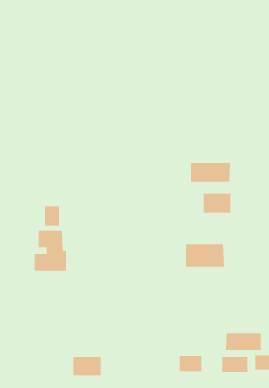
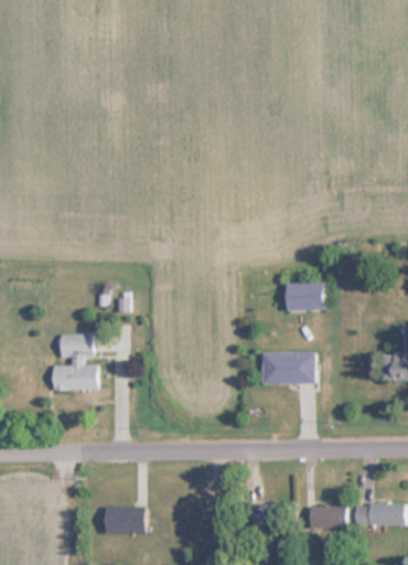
building: [191,162,230,182] -> none
building: [44,205,60,227] -> none
building: [225,333,261,351] -> none

